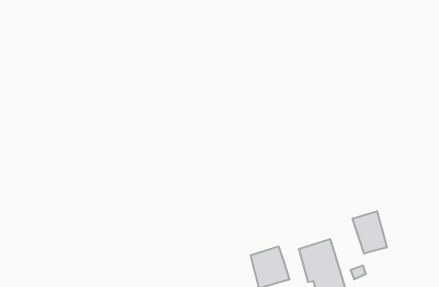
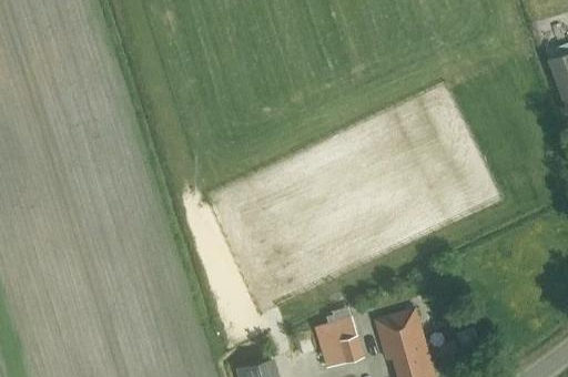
building: [353,211,387,254] -> none

